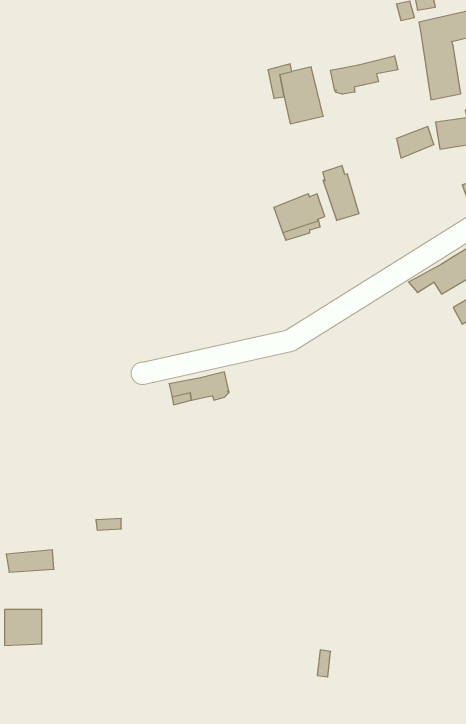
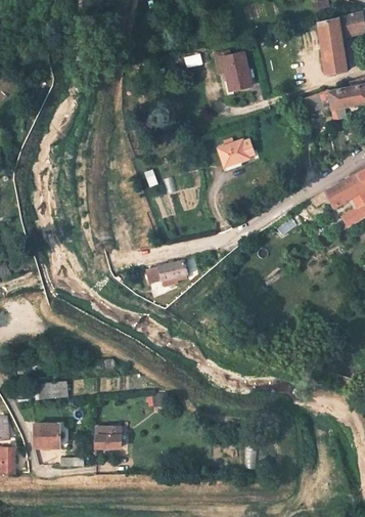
building: [330,56,398,94] -> none
building: [323,165,359,221] -> none
building: none -> [96,428,122,448]

